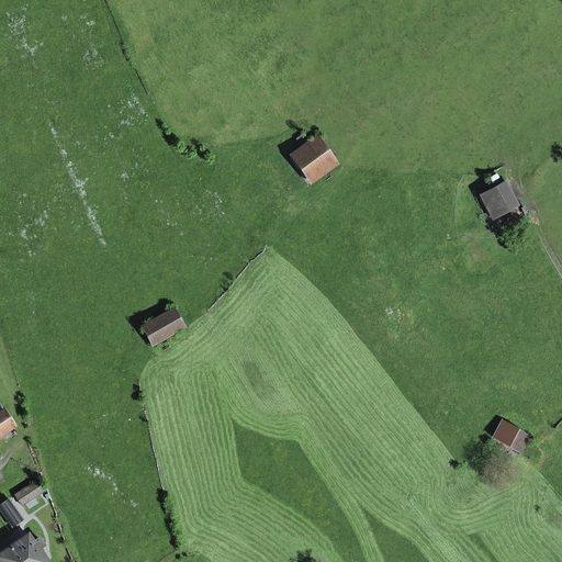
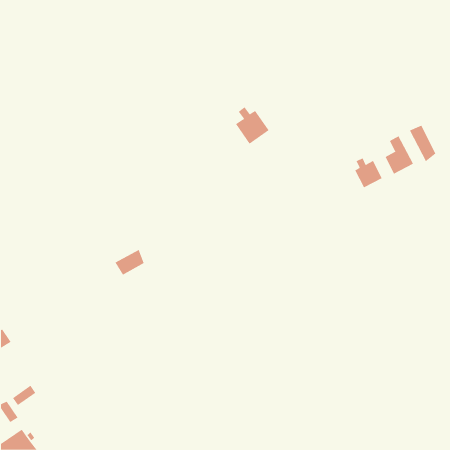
building: none -> [409,125,436,162]
building: none -> [354,158,383,188]
building: [494,420,528,450] -> none

